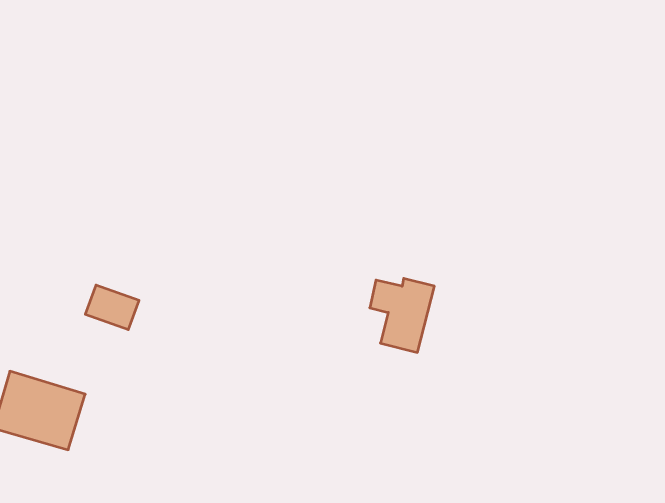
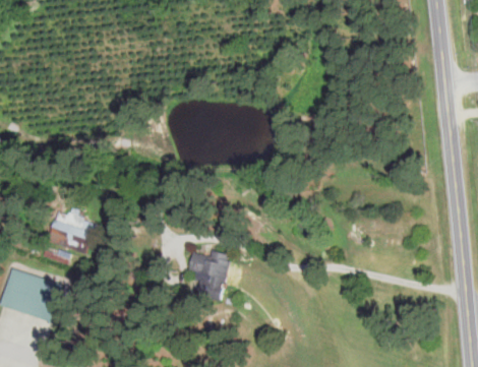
building: [370,278,434,352] -> [186,250,229,299]

